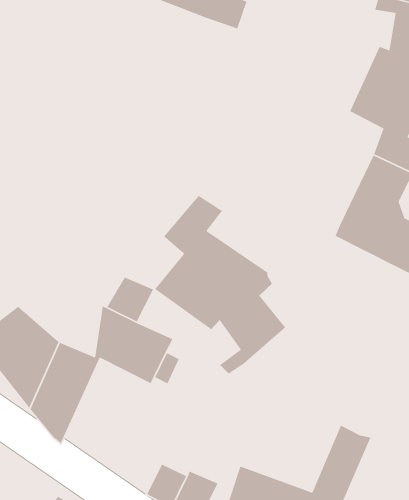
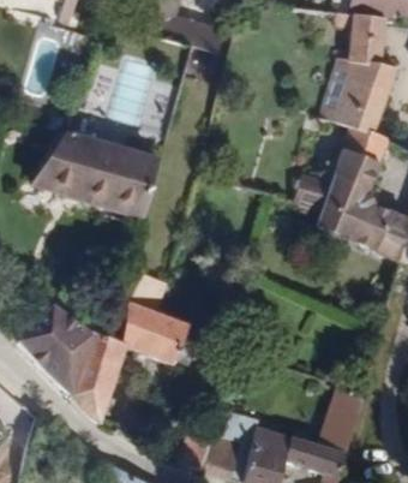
building: none -> [32,133,157,217]
building: [154,195,286,375] -> none

